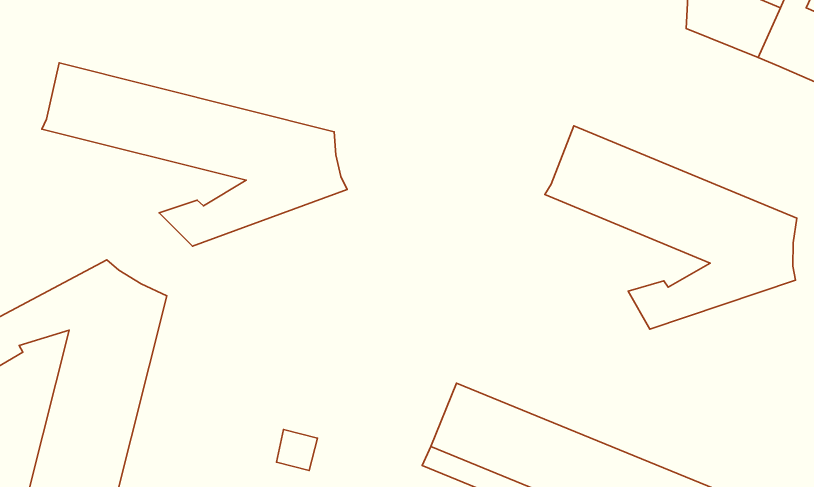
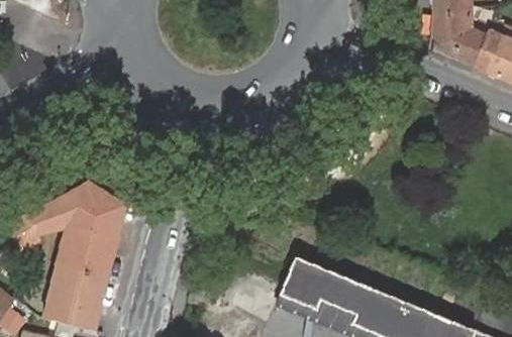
building: [42,63,347,246] -> none
building: [545,126,797,329] -> none

